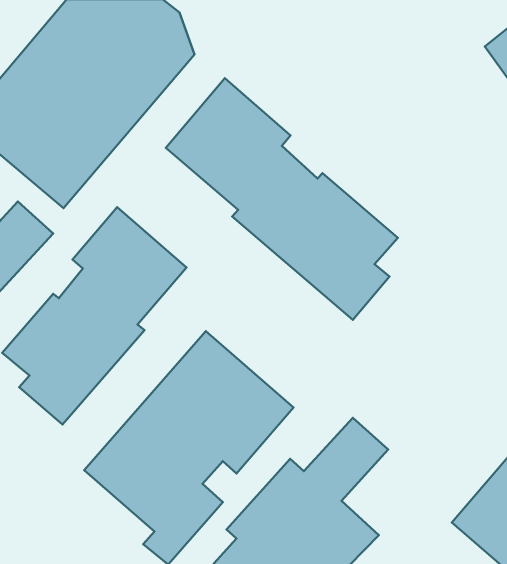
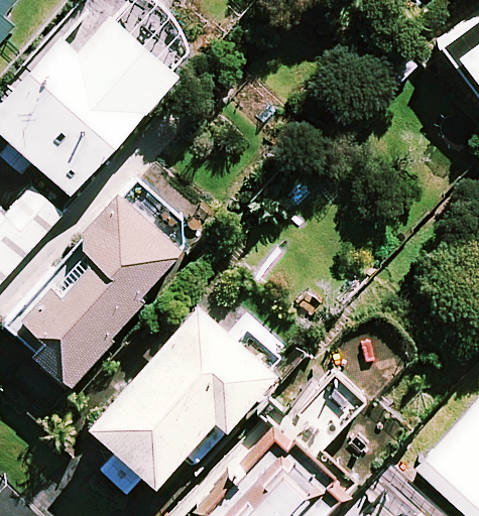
building: [166,78,398,320] -> none

